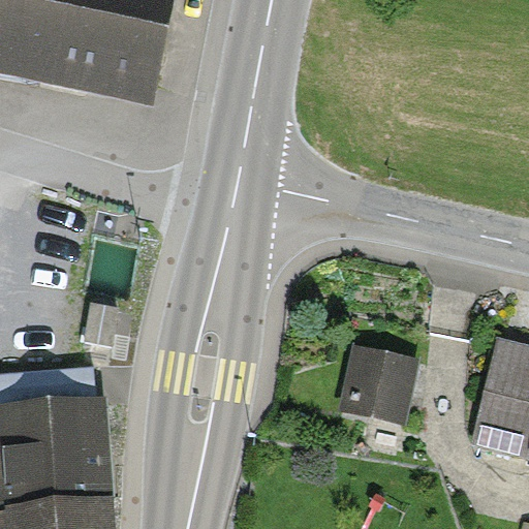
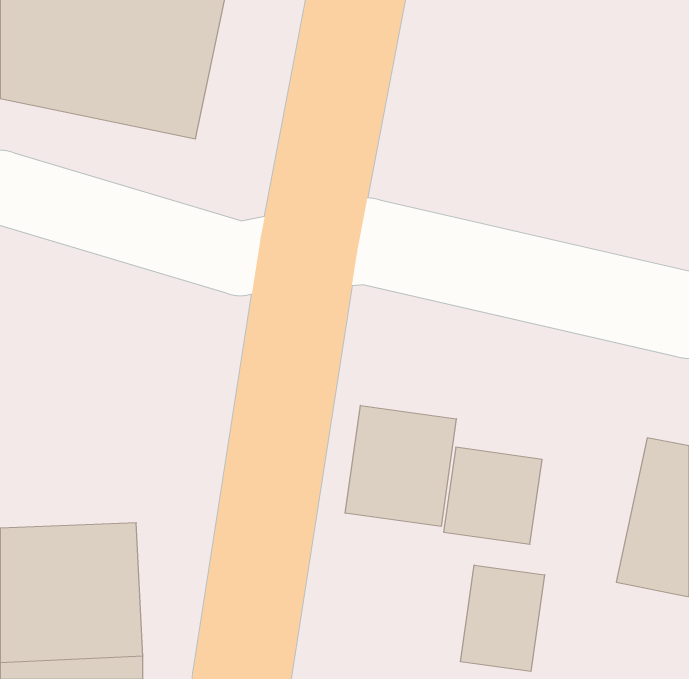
building: none -> [345,405,456,526]
building: none -> [461,565,545,671]

